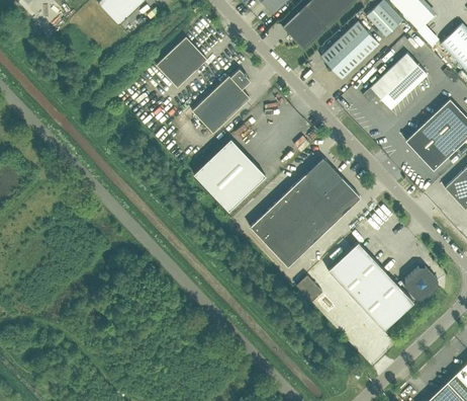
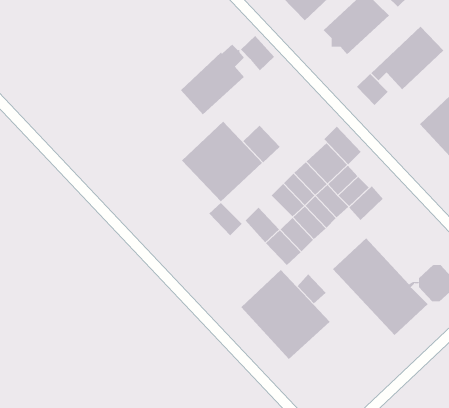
building: [157,36,207,87] -> none
building: none -> [240,35,275,71]
building: none -> [356,73,388,106]
building: none -> [242,125,280,163]
building: none -> [323,126,362,165]
building: none -> [348,186,384,221]
building: [263,205,293,235] -> [208,202,242,236]
building: none -> [240,269,331,360]

